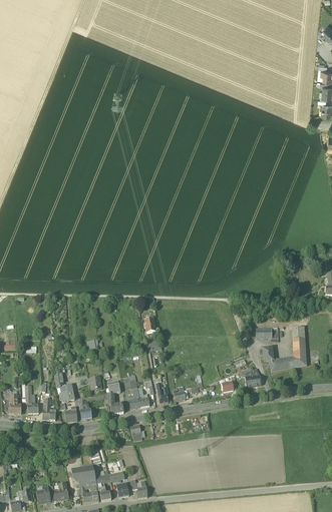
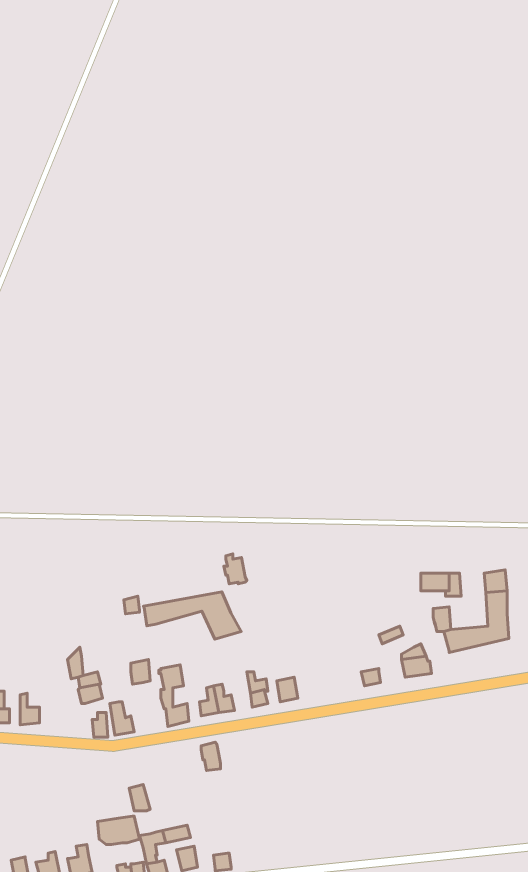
building: none -> [144,592,241,639]

